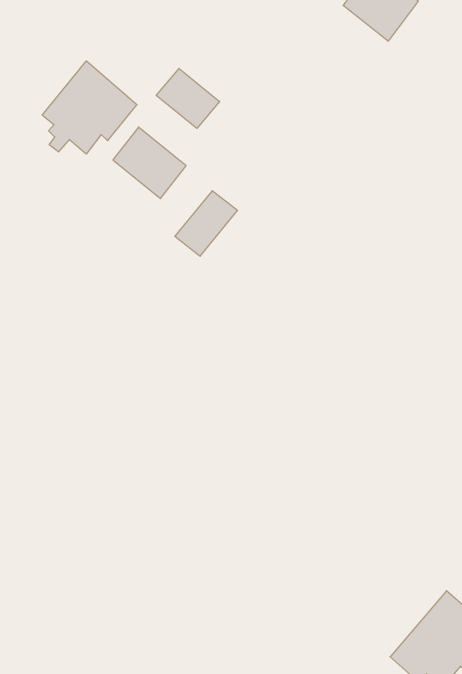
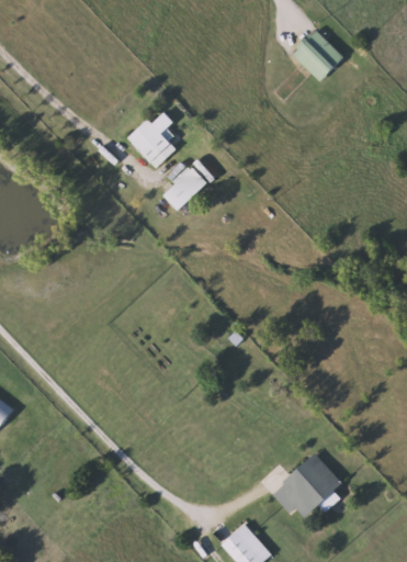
building: [42,61,137,154] -> none
building: [156,68,220,128] -> none

